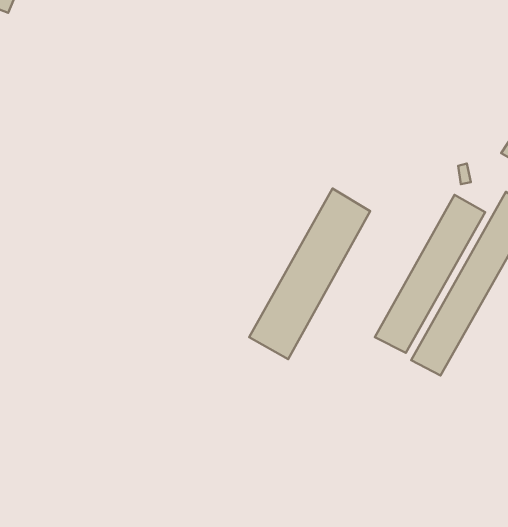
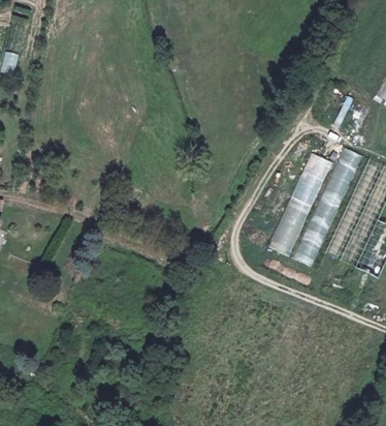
building: [249,188,370,359] -> none

